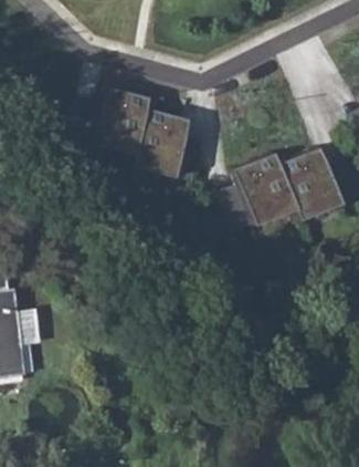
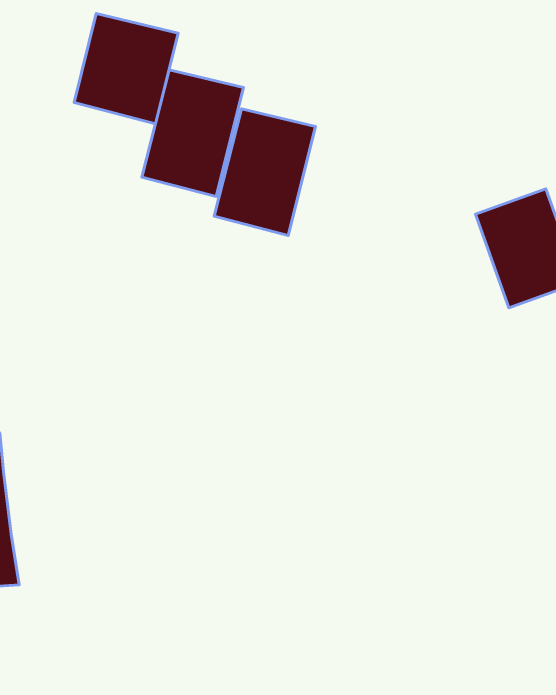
building: none -> [74,13,178,124]
building: [235,154,296,222] -> none

